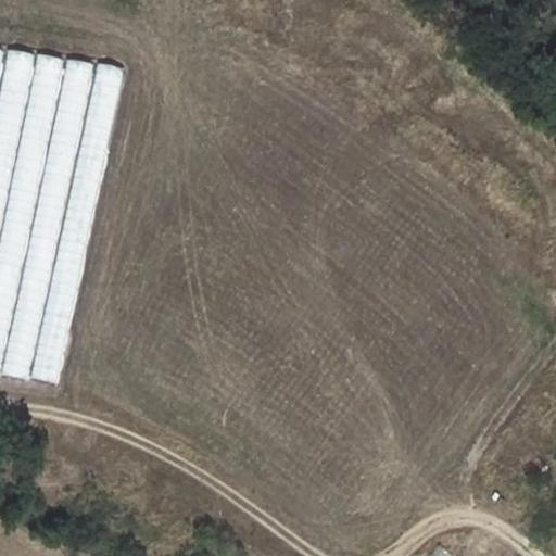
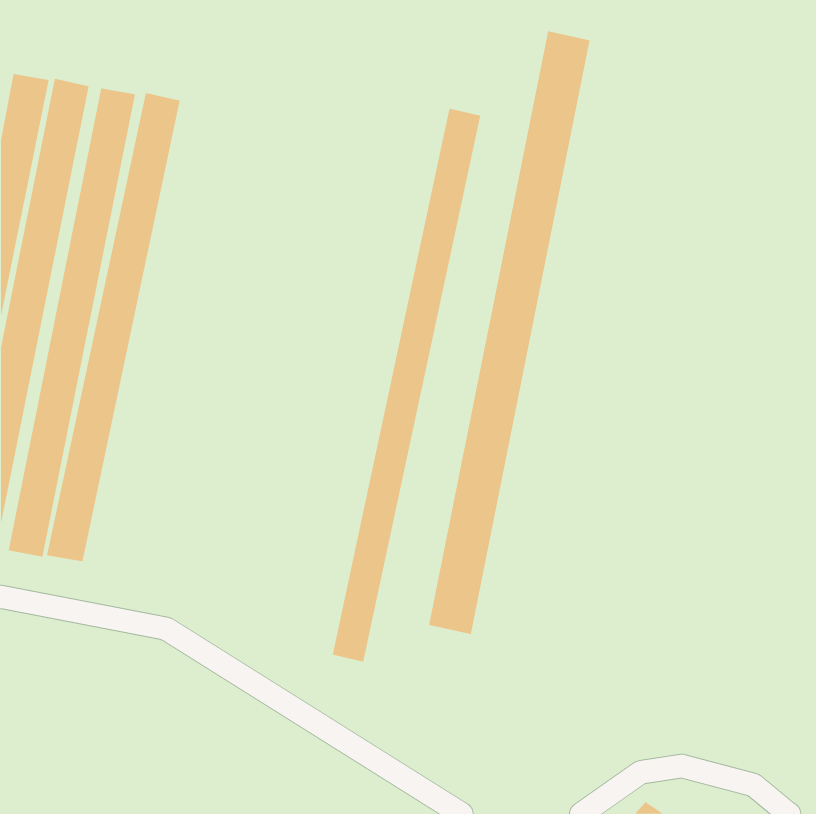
building: none -> [429,30,590,635]
building: none -> [332,108,481,663]

